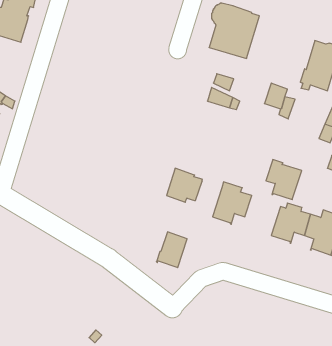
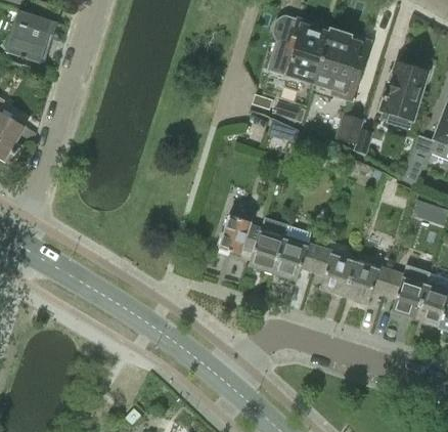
building: none -> [315,29,366,98]
building: [266,160,302,200] -> [313,247,356,295]
building: [156,232,187,268] -> [249,229,285,272]

